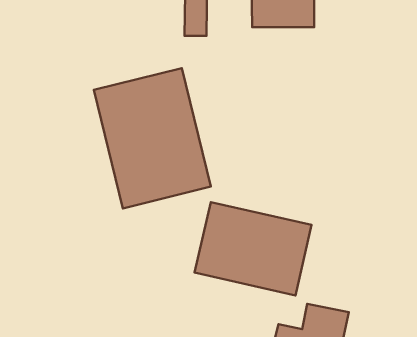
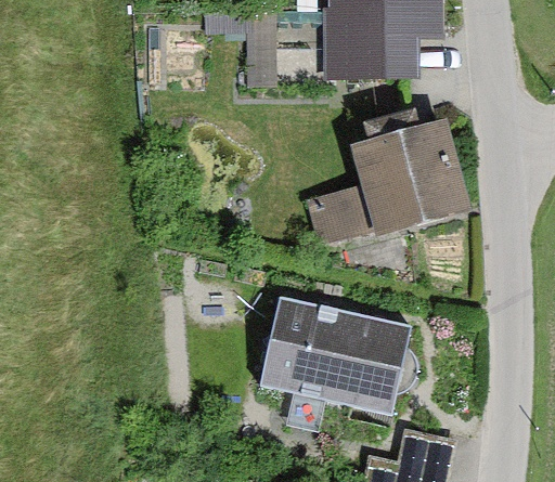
building: none -> [307,126,465,246]
building: [94,68,211,208] -> none

